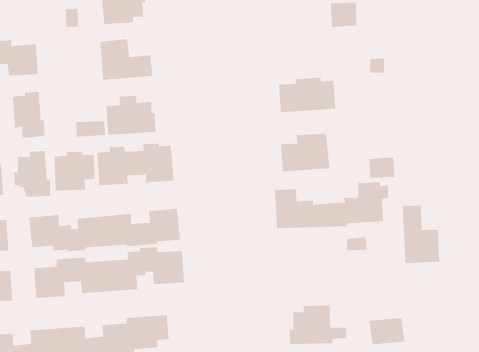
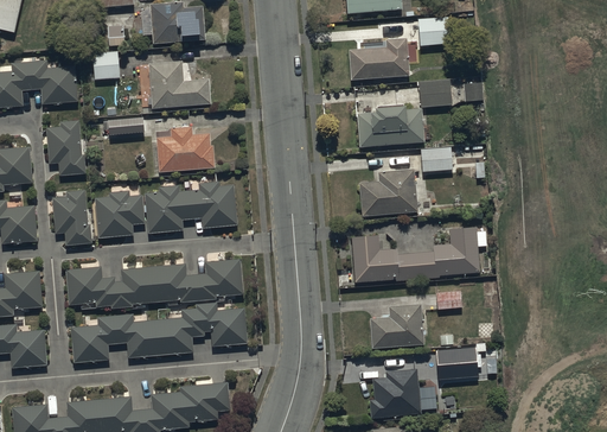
building: none -> [349,38,409,80]
building: none -> [91,51,120,80]
building: none -> [418,78,451,106]
building: [75,121,106,137] -> [108,116,143,135]
building: [369,157,395,178] -> [421,146,452,171]
building: [402,205,440,264] -> none
building: none -> [370,304,423,347]
building: [369,317,405,345] -> [435,348,478,380]

